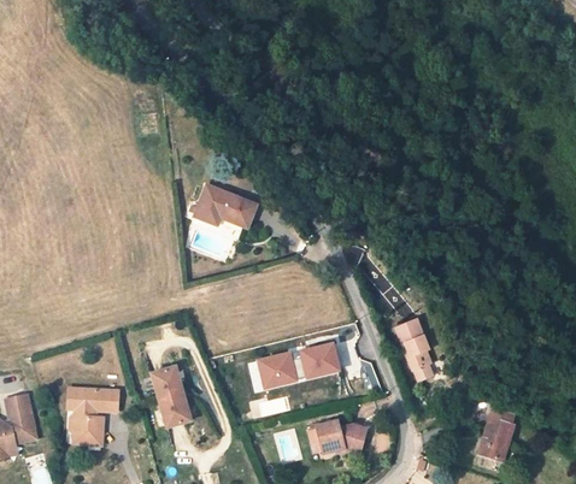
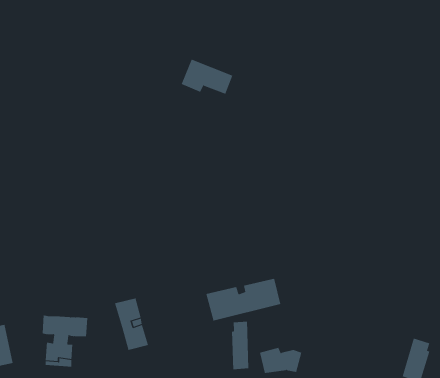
building: [195,187,255,228] -> [181,59,233,94]
building: [396,320,434,380] -> none
building: none -> [232,321,249,370]

